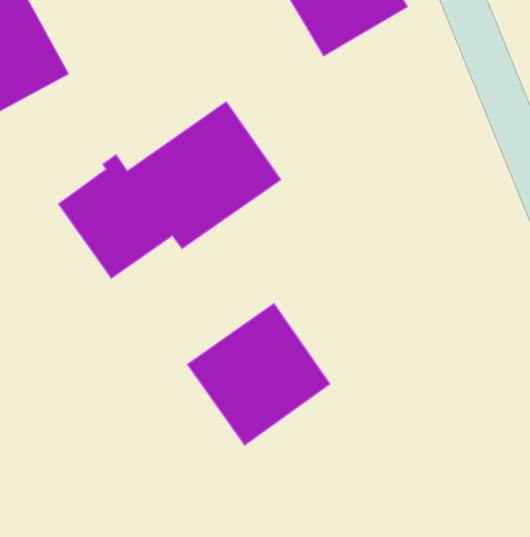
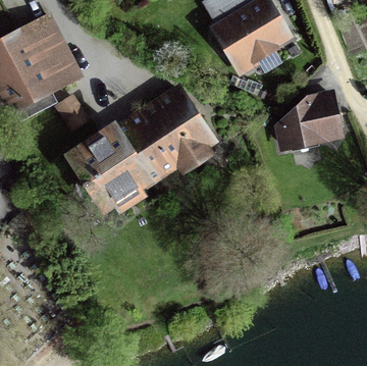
building: none -> [276,96,338,147]
building: [188,304,330,445] -> none

